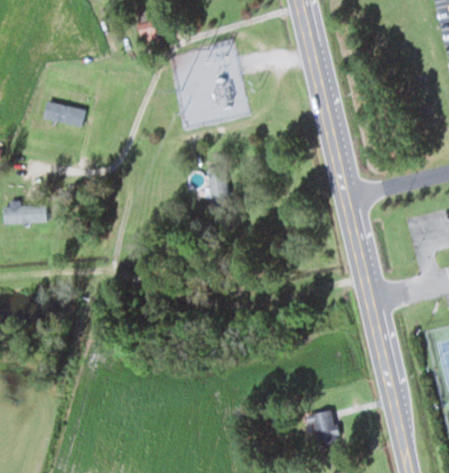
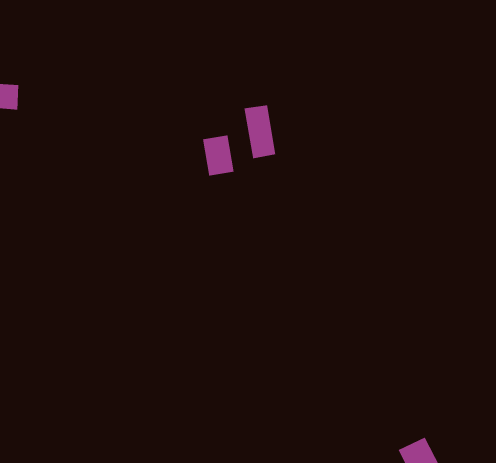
building: none -> [244,105,276,159]

